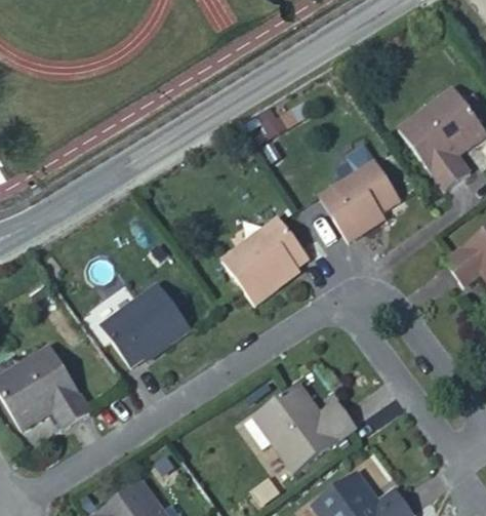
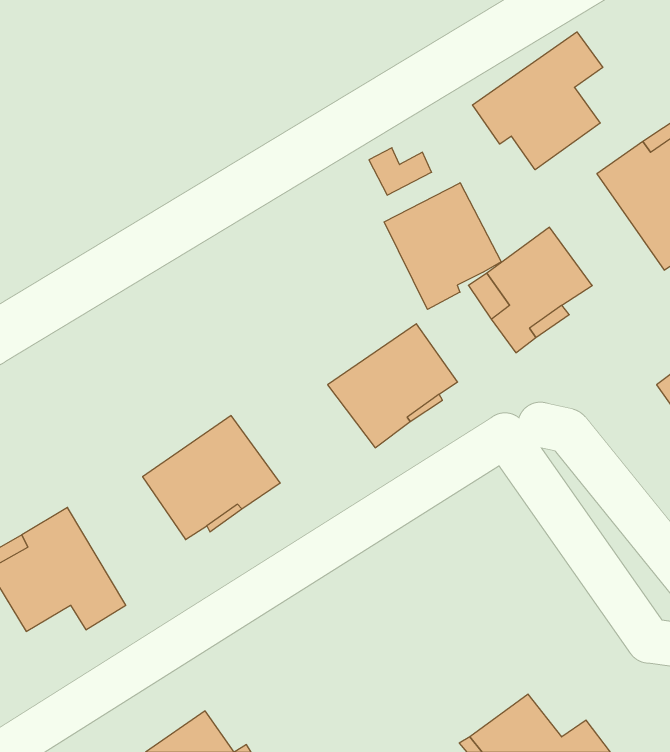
building: none -> [472,32,603,170]
building: none -> [384,183,501,309]
building: [243,385,354,472] -> none

